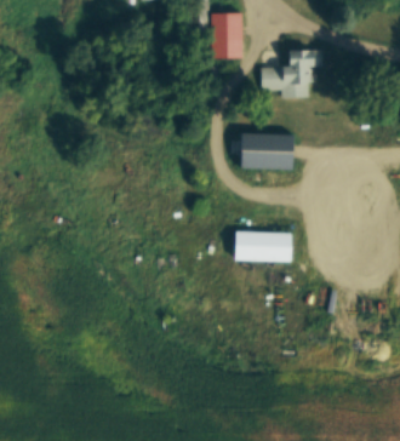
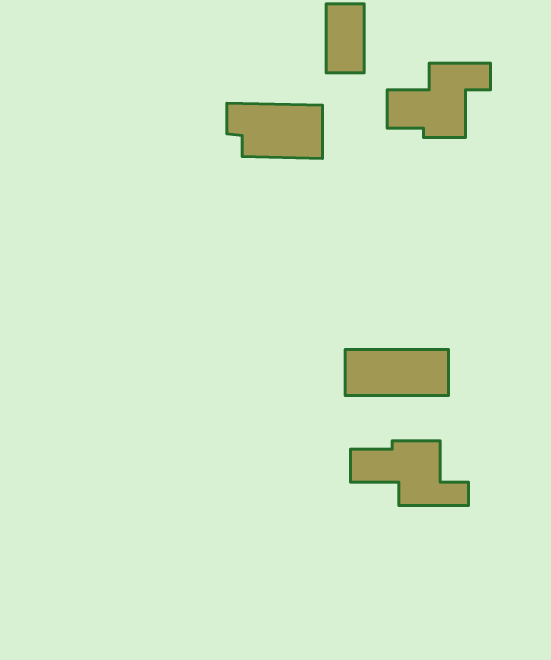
building: [236,133,297,168] -> [227,103,322,159]
building: none -> [351,441,469,505]

